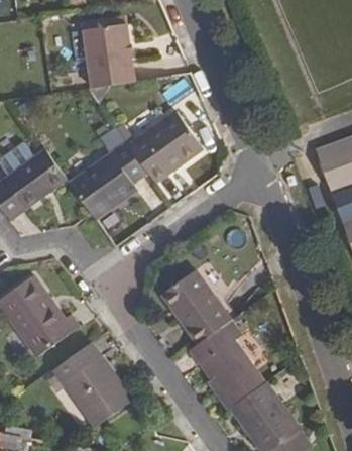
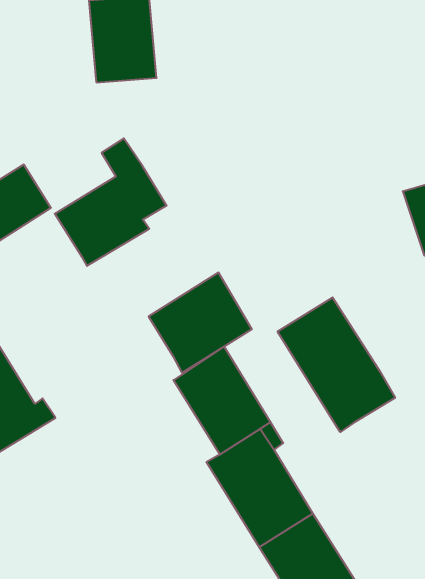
building: [128,110,202,183] -> [149,273,252,373]
building: none -> [278,297,395,432]
building: [51,342,133,427] -> none

